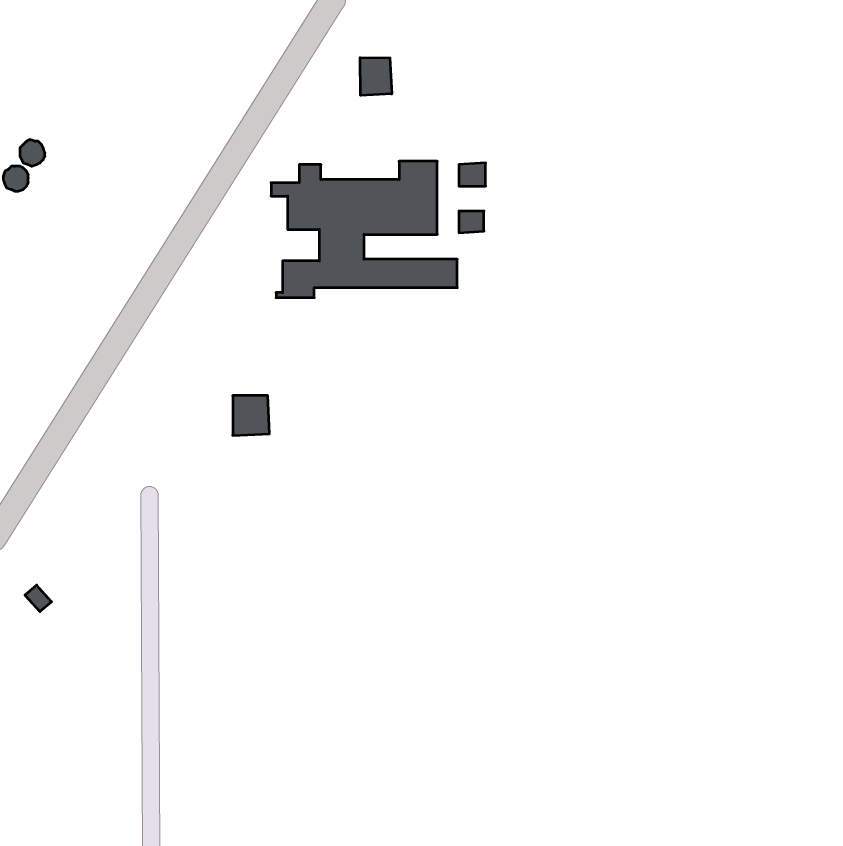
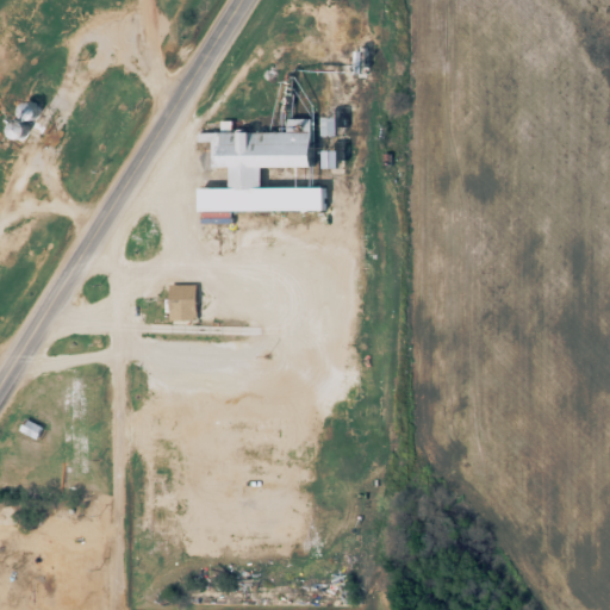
building: [360,58,392,95] -> none

